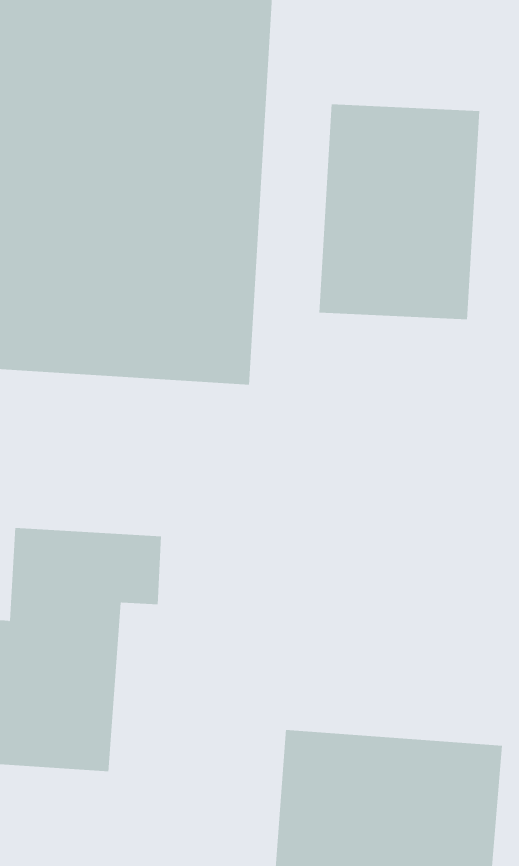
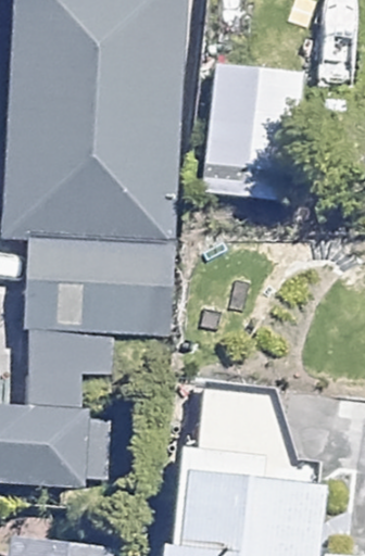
building: none -> [26,232,172,336]

